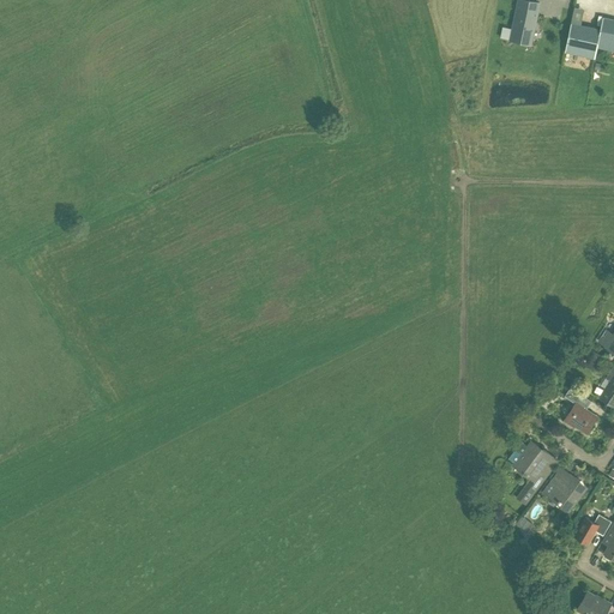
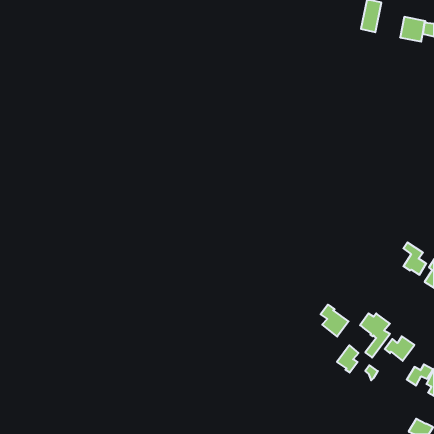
building: [564,387,596,433] -> [403,242,426,275]
building: none -> [321,305,349,337]
building: none -> [337,345,358,373]

